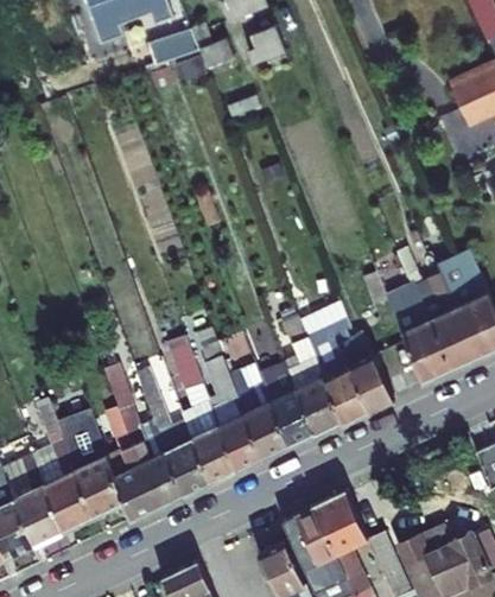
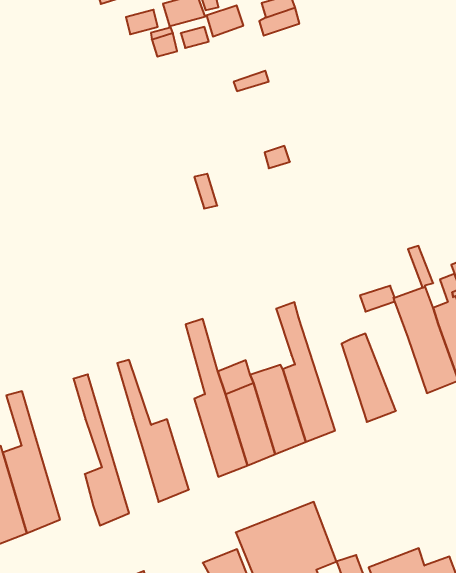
building: [303,301,370,425] -> none
building: [170,335,237,483] -> none
building: [107,363,184,508] -> none
building: [59,407,125,517] -> none

